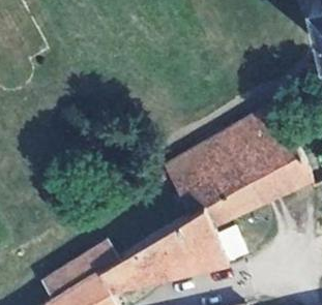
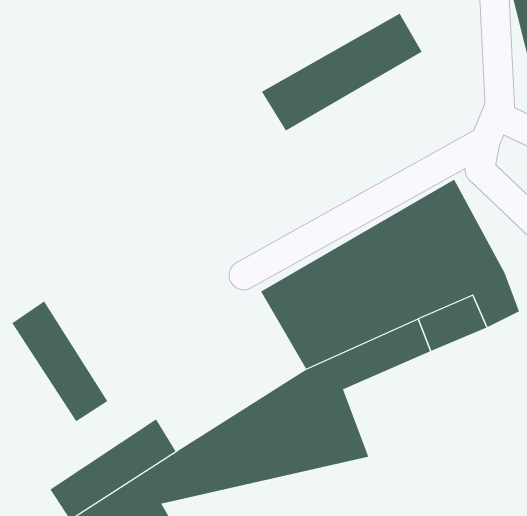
building: none -> [261,13,422,132]
building: none -> [12,301,108,422]

